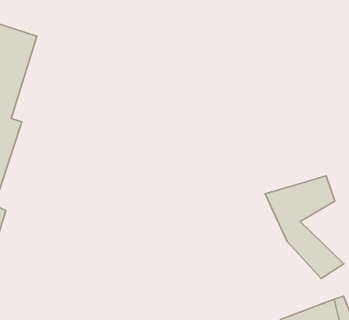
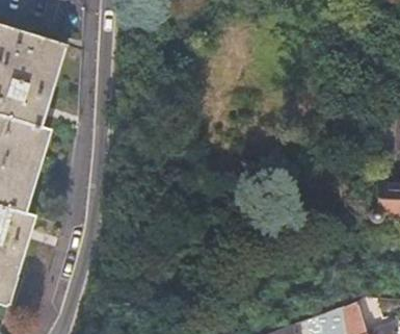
building: [265,176,344,279] -> none

